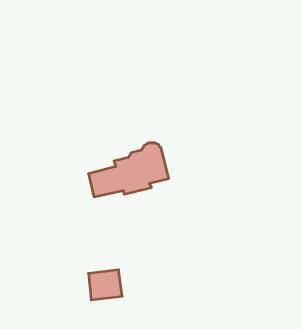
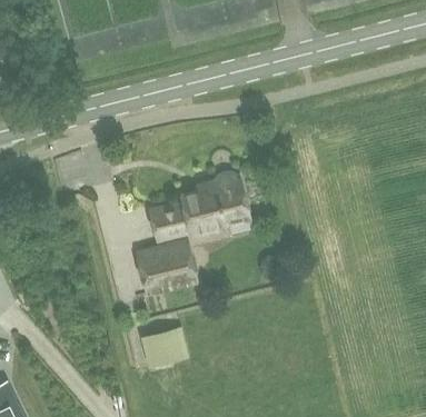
building: none -> [137,242,195,294]

